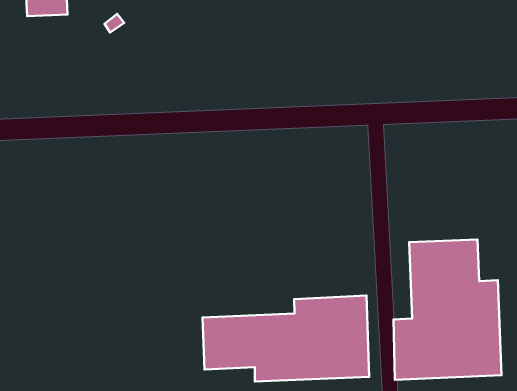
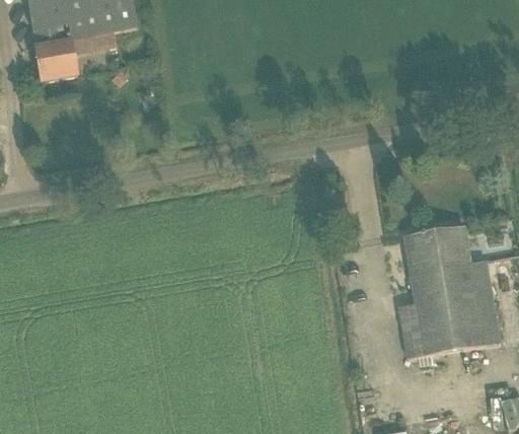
building: [202,296,369,381] -> none

